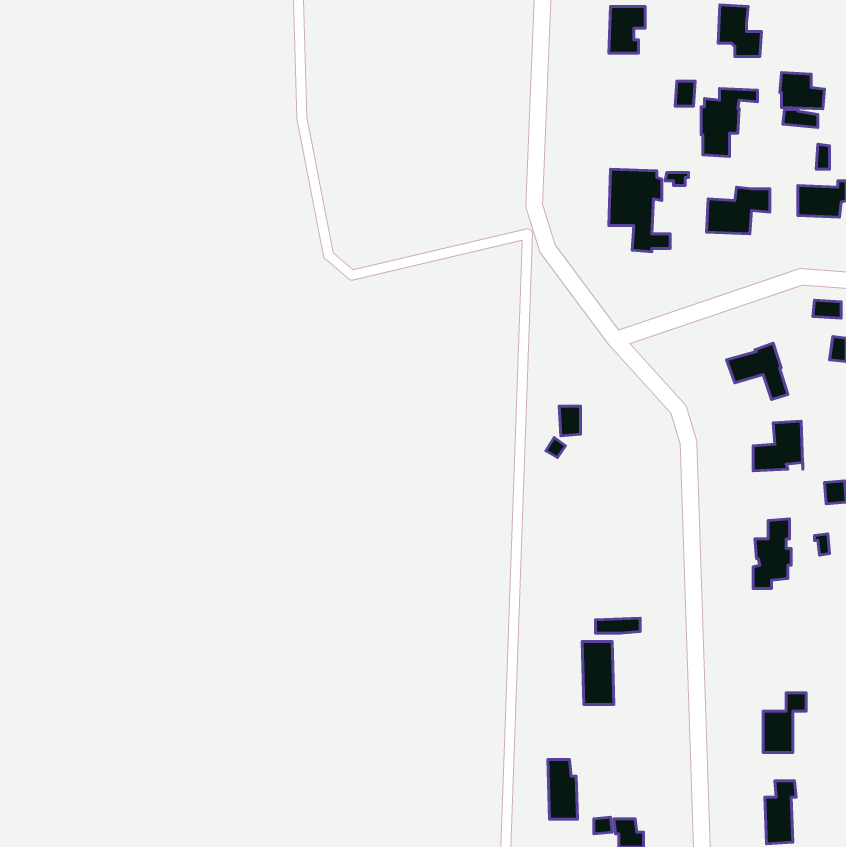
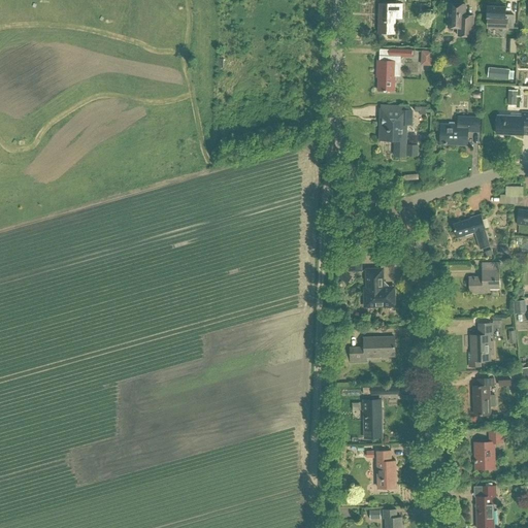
building: [780,73,825,109] -> [486,5,514,28]
building: [701,88,758,156] -> [376,48,411,91]
building: none -> [364,269,393,306]
building: none -> [355,337,394,362]
building: none -> [472,378,494,415]
building: [548,760,578,819] -> [376,451,395,488]

